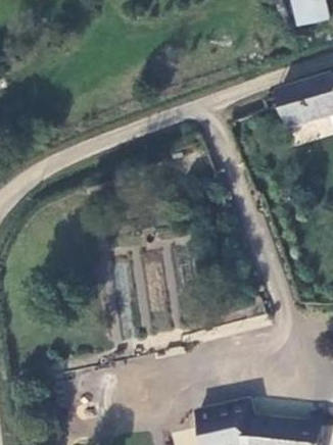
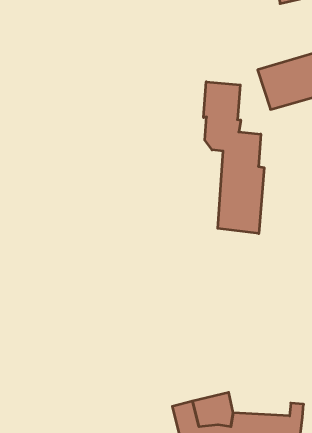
building: none -> [204,82,264,234]

